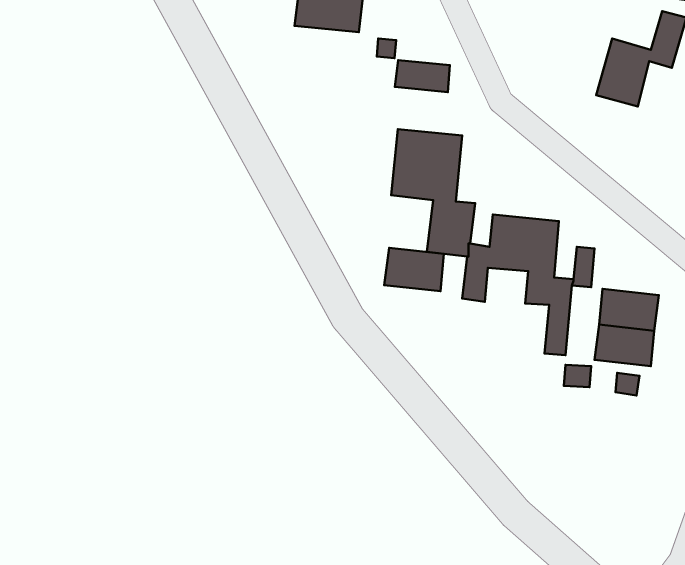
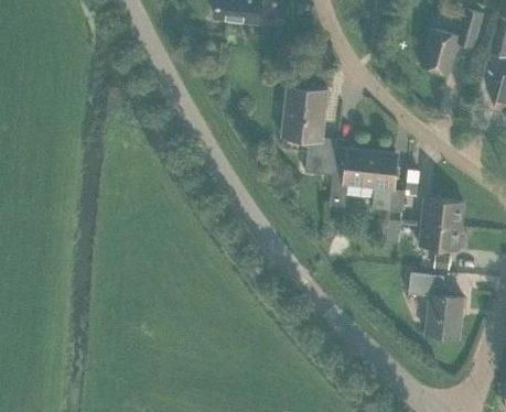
building: [395,60,450,92] -> none
building: [384,248,444,291] -> none
building: none -> [409,273,464,338]

